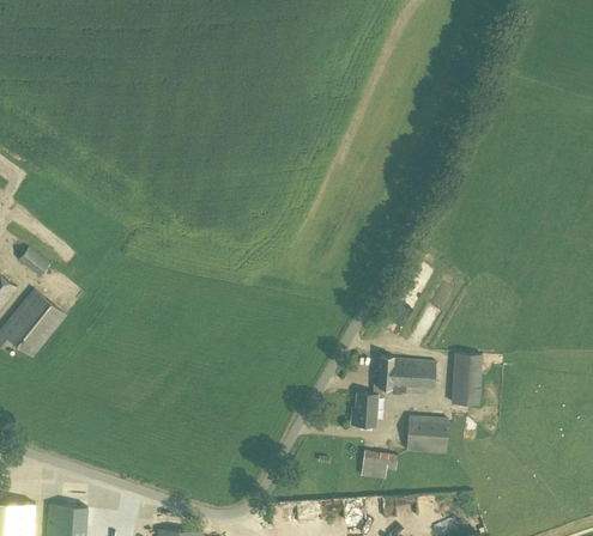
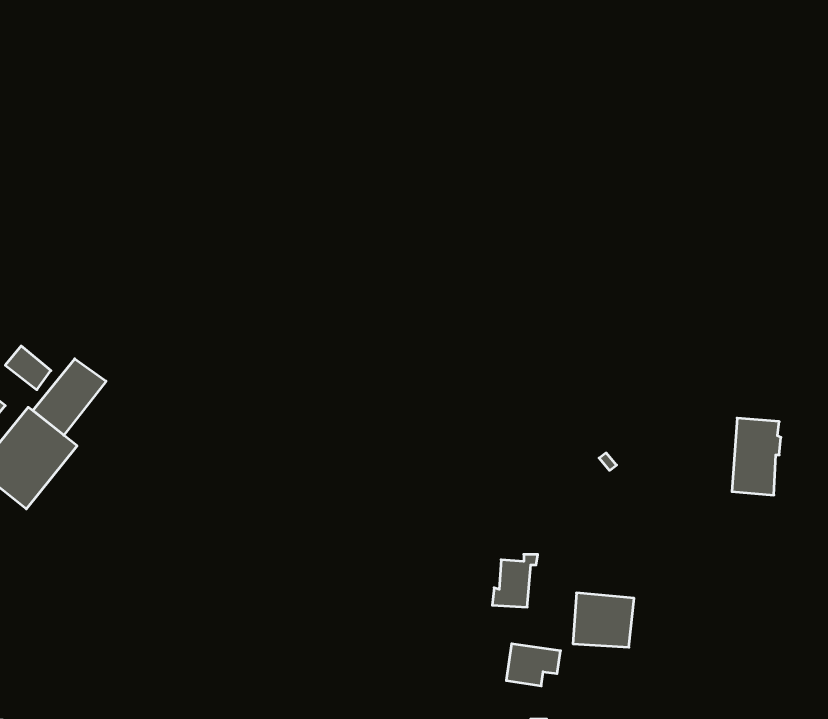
building: none -> [33,359,106,435]
building: [452,352,485,404] -> [732,418,781,495]
building: [374,355,436,395] -> none

